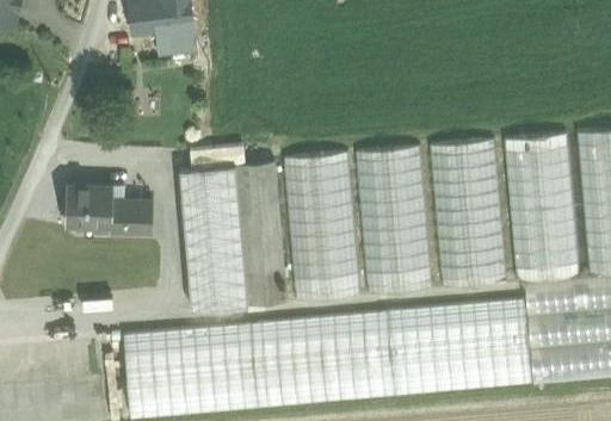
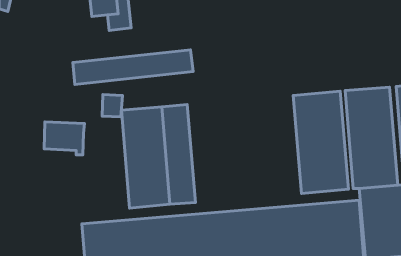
building: none -> [73,50,193,84]
building: [359,147,433,295] -> none
building: [284,154,363,301] -> none
building: [123,202,153,234] -> [102,95,123,117]

